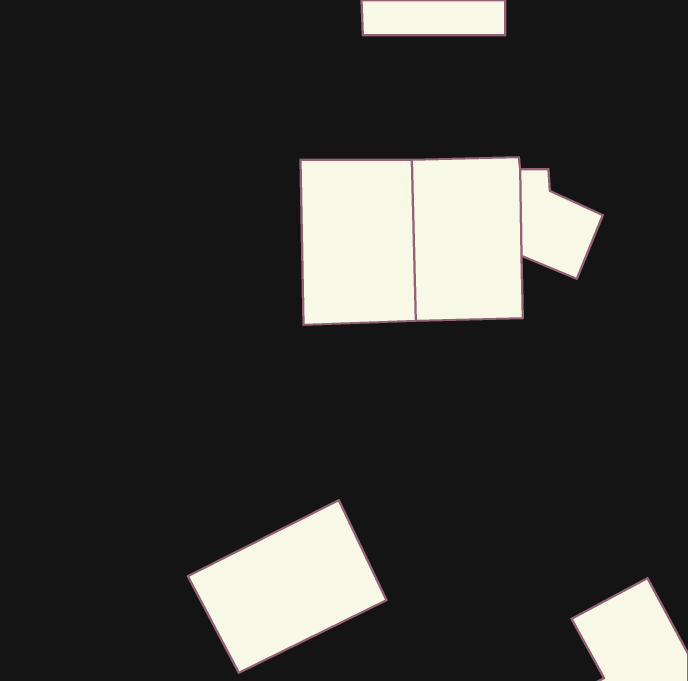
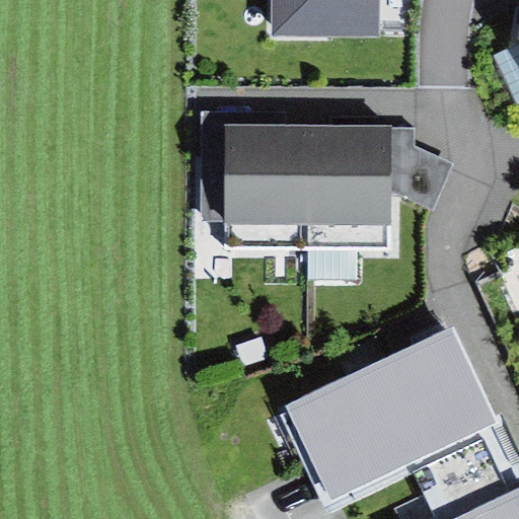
building: none -> [285,322,497,497]
building: [188,500,387,673] -> none

